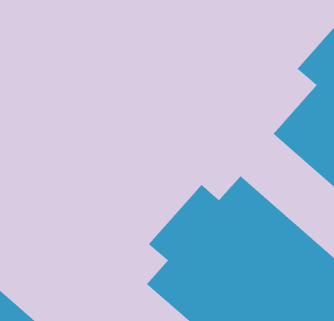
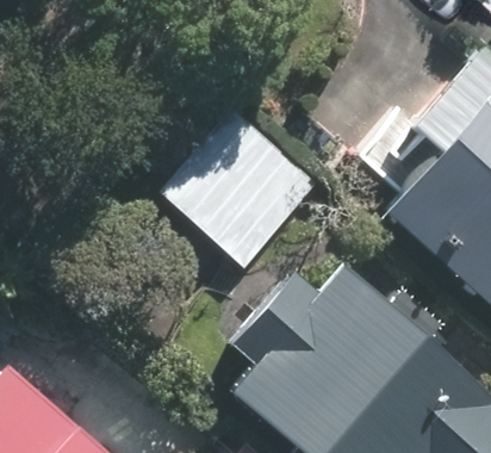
building: none -> [156,112,321,274]

